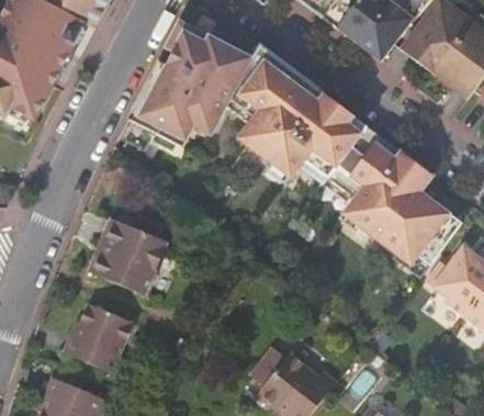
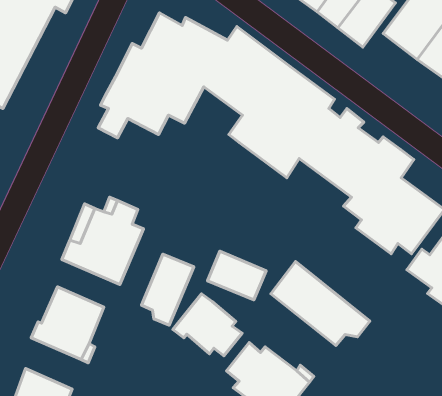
building: none -> [208,251,266,300]
building: none -> [141,254,194,325]
building: none -> [271,262,370,346]
building: none -> [173,294,242,356]

